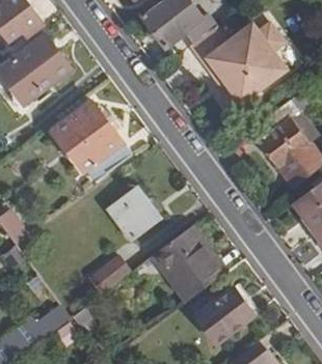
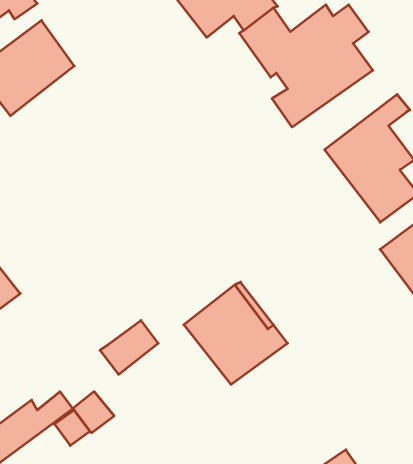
building: [52,102,129,179] -> none
building: [107,187,157,240] -> none
building: [195,287,252,343] -> none

